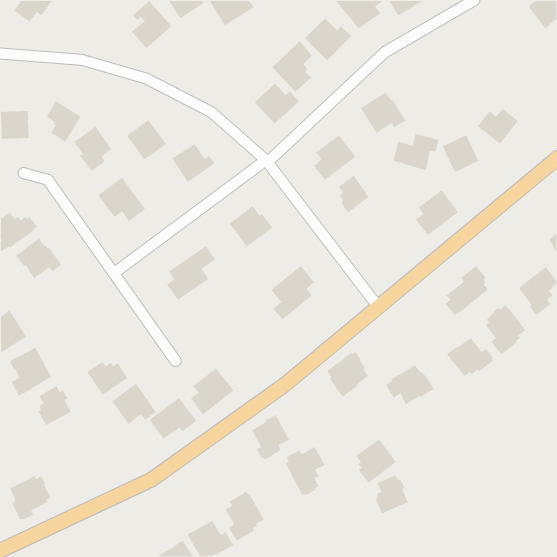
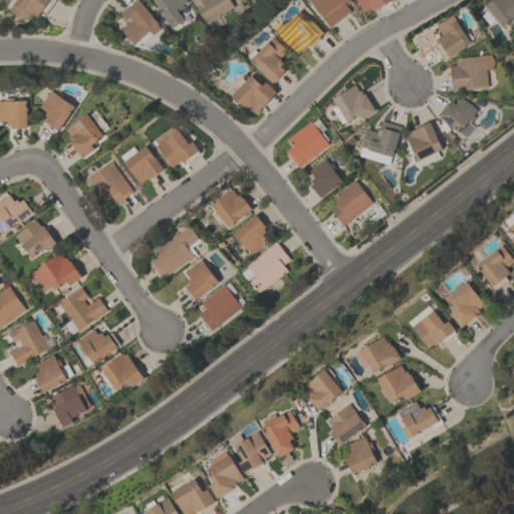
building: none -> [438,17,472,58]
building: none -> [451,56,495,92]
building: [126,119,167,161] -> [125,147,164,185]
building: [415,189,459,236] -> [331,182,372,225]
building: none -> [235,216,268,256]
building: [445,265,489,316] -> none
building: none -> [31,251,81,291]
building: none -> [187,260,220,300]
building: none -> [59,287,107,330]
building: [326,351,369,398] -> [303,368,342,412]
building: [190,367,235,415] -> [200,286,241,330]
building: none -> [376,364,421,403]
building: [149,397,197,440] -> none
building: [251,414,290,461] -> [236,431,272,474]
building: none -> [398,401,442,438]
building: [9,475,52,521] -> [49,384,88,427]

